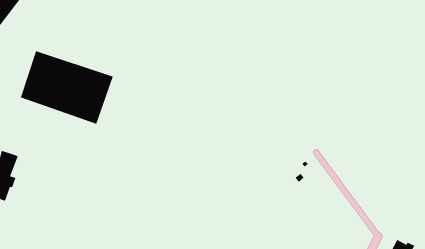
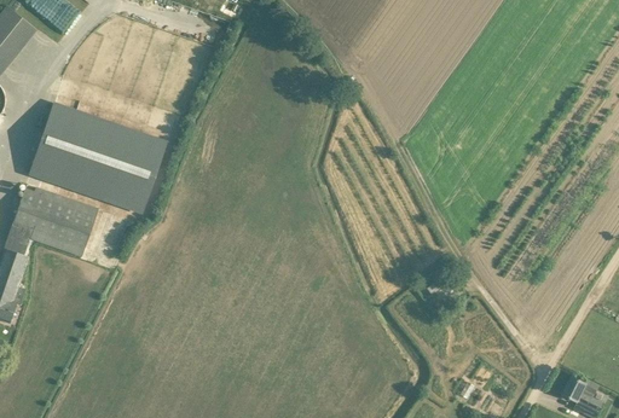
building: none -> [10,185,98,256]

